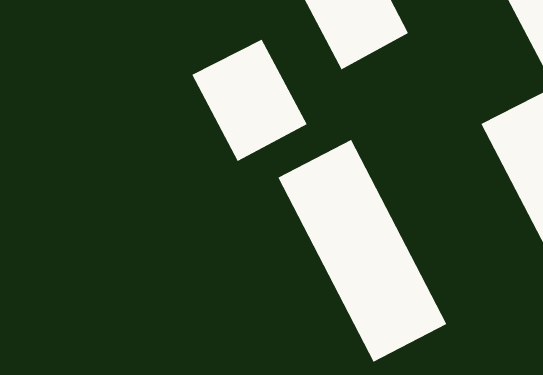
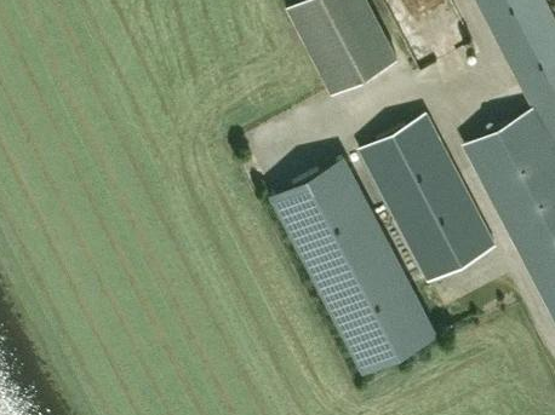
building: [192,39,307,162] -> none
building: none -> [362,117,497,283]

